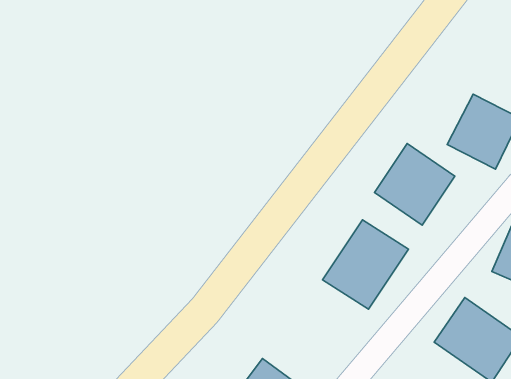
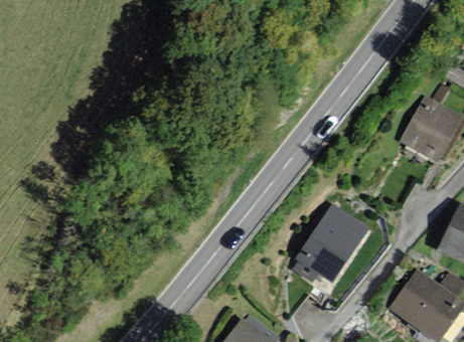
building: [375,144,455,225] -> none

